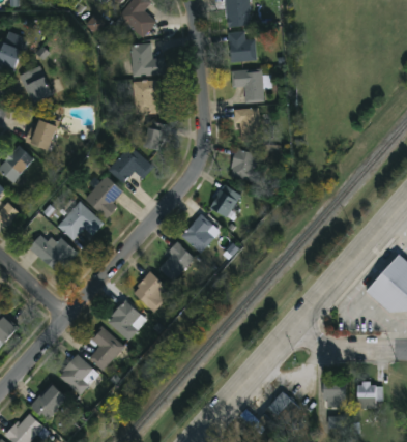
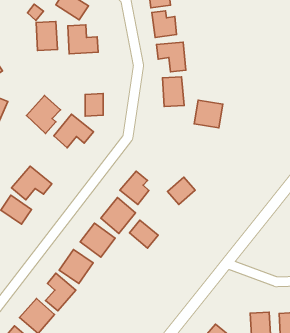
building: [135,80,157,112] -> [36,21,57,50]
building: [228,148,262,181] -> [194,100,223,128]
building: [84,174,123,217] -> [27,95,61,133]
building: [208,184,240,215] -> [167,177,195,205]
building: none -> [130,220,158,248]

